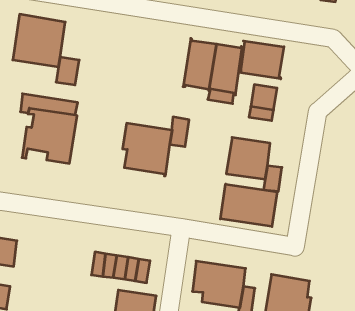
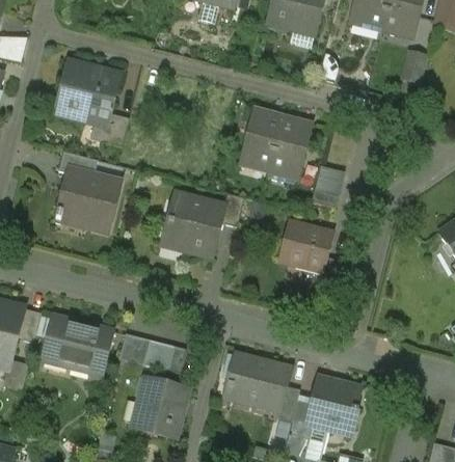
building: [239,41,284,79] -> none
building: [220,184,277,227] -> none
building: none -> [44,316,111,373]

